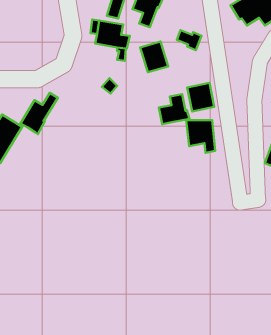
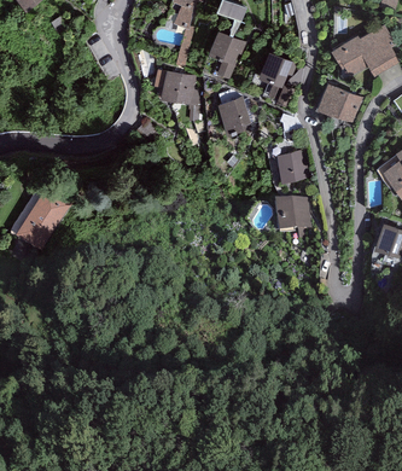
building: none -> [257,52,295,88]
building: none -> [314,83,363,122]
building: [20,93,58,134] -> none
building: [159,94,190,124] -> none

